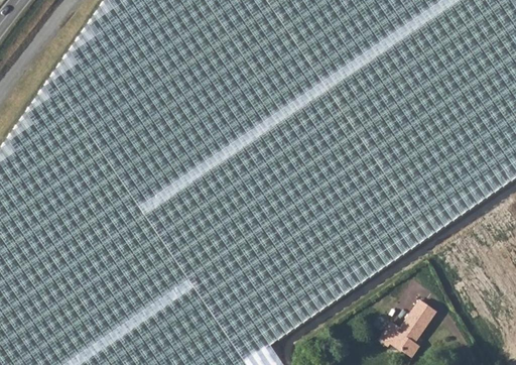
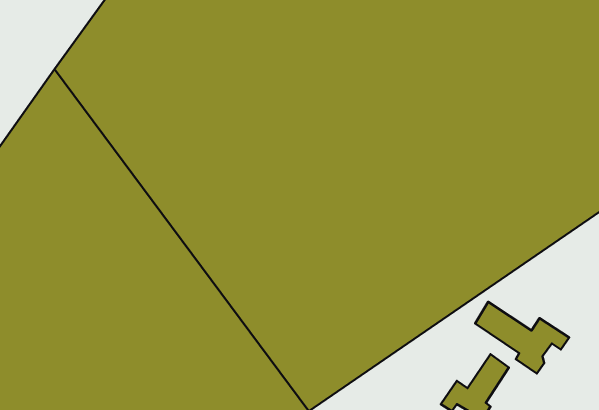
building: none -> [475,302,569,374]

